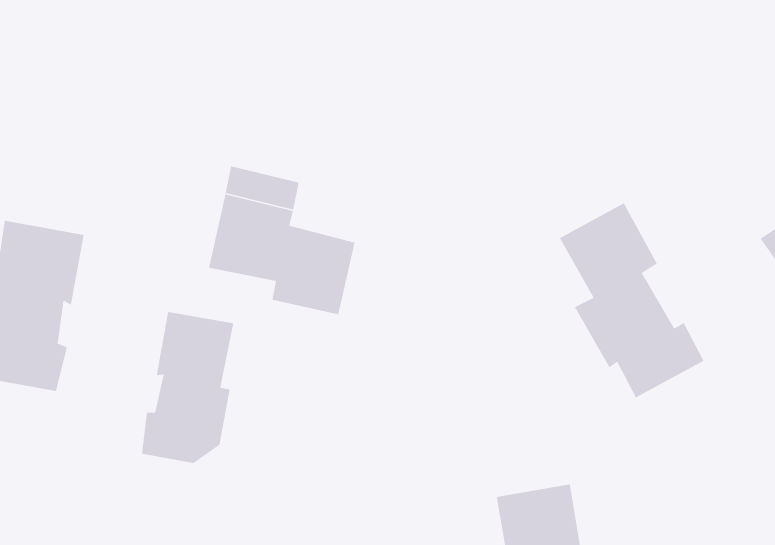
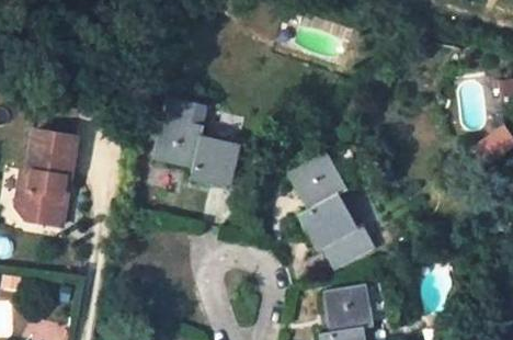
building: [559,202,705,399] -> [288,152,374,268]
building: [141,311,234,464] -> none

